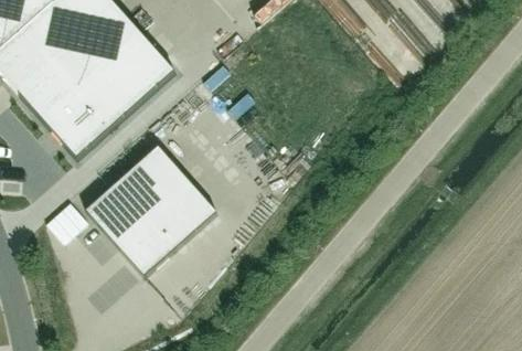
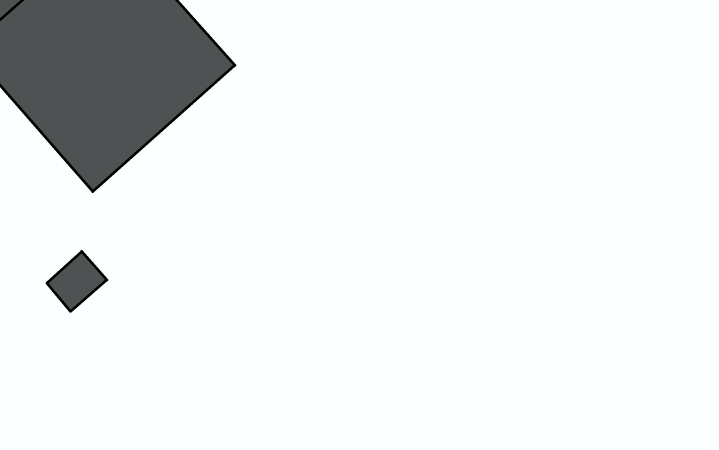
building: [83,145,215,275] -> none

